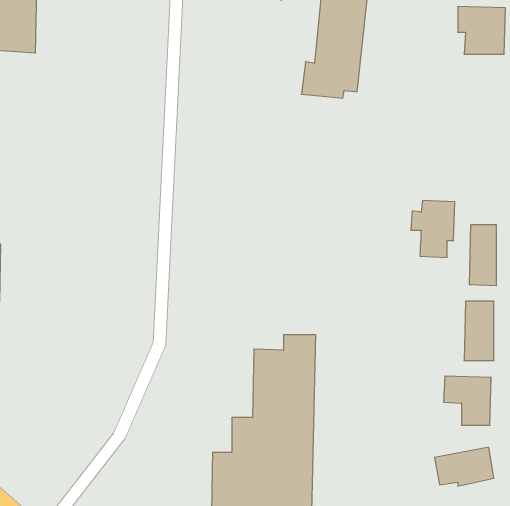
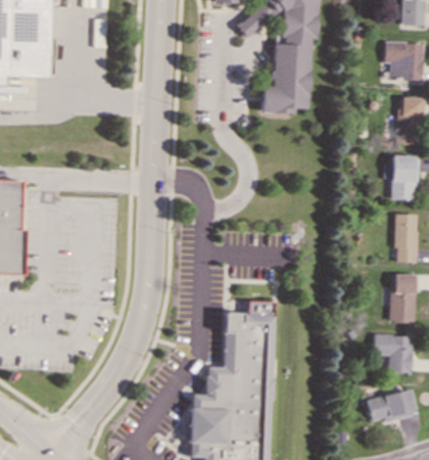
building: none -> [396,96,422,144]
building: [411,201,455,257] -> [384,154,419,199]

